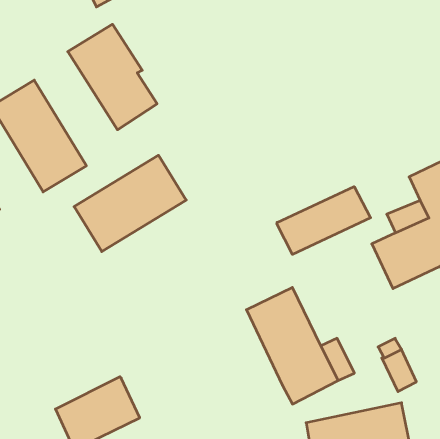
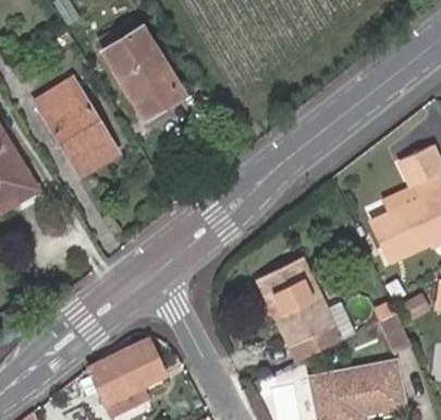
building: [74,155,186,252] -> none
building: [277,187,371,254] -> none

